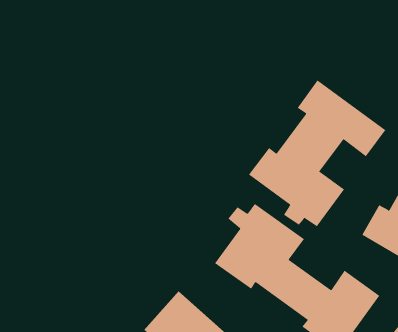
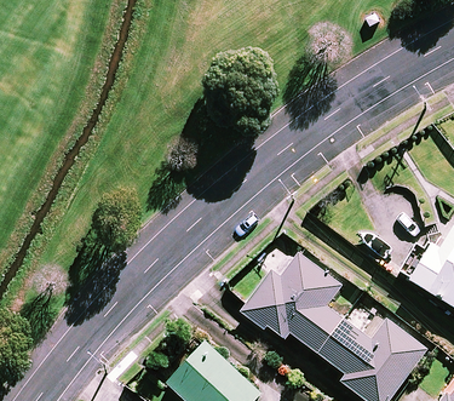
building: [248,79,386,227] -> none

